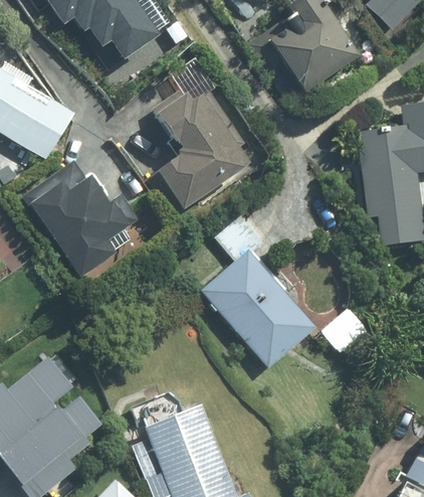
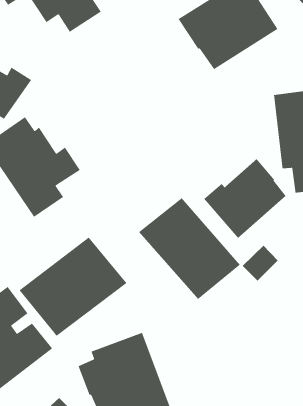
building: [146,89,254,215] -> none
building: none -> [203,158,287,239]
building: none -> [19,236,127,337]

